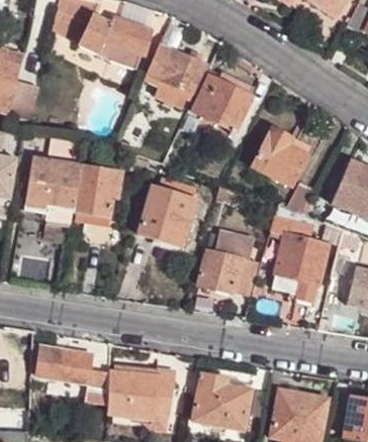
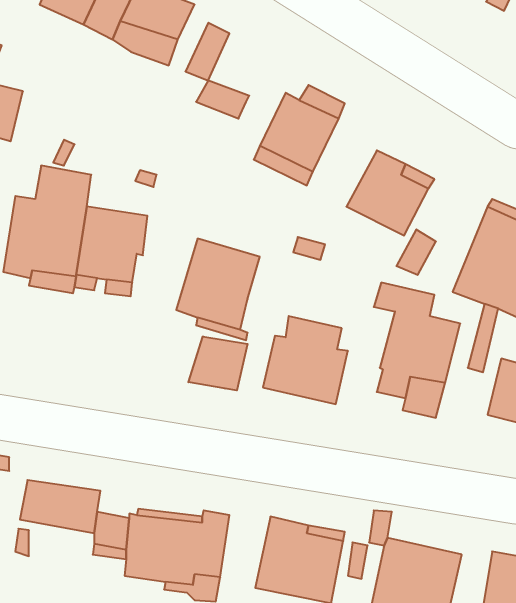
building: [161,50,205,93] -> none
building: none -> [188,336,248,390]

